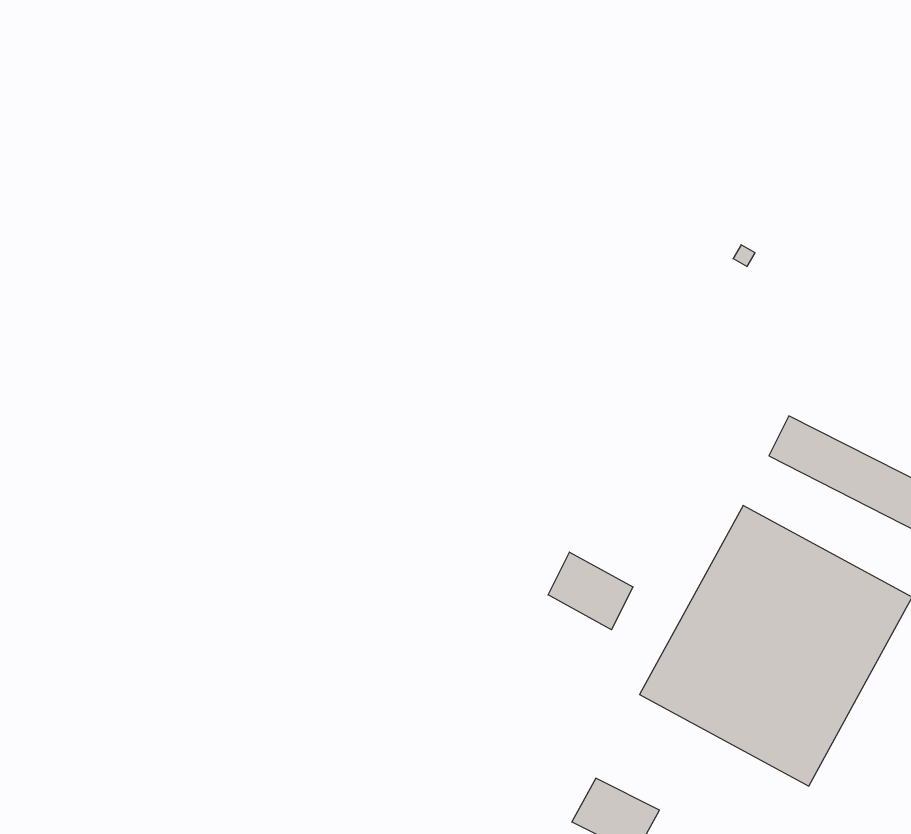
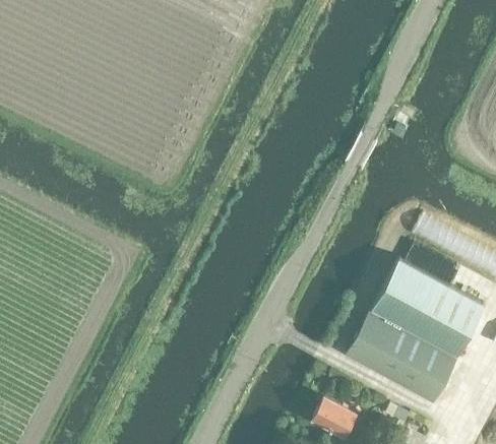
building: [548,552,633,630] -> none

